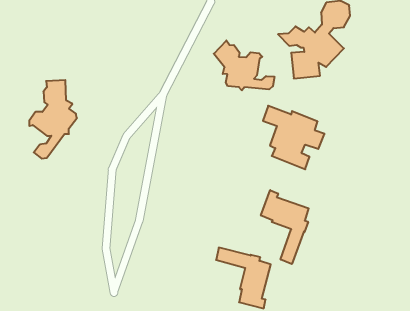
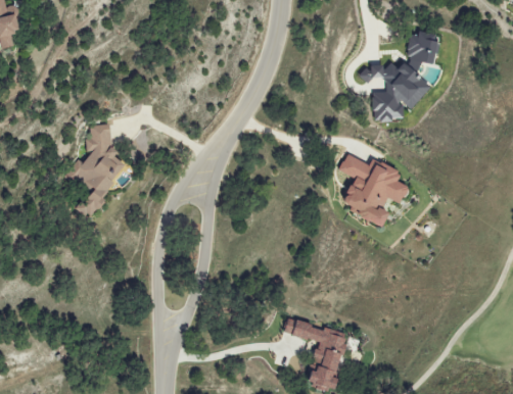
building: [214,40,274,90] -> none
building: [261,190,309,264] -> none

